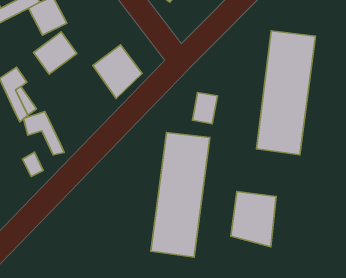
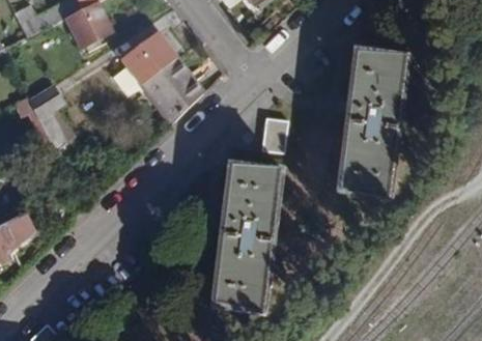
building: [33,32,77,74] -> [122,33,174,84]
building: [24,111,64,155] -> none
building: [231,191,276,247] -> none

